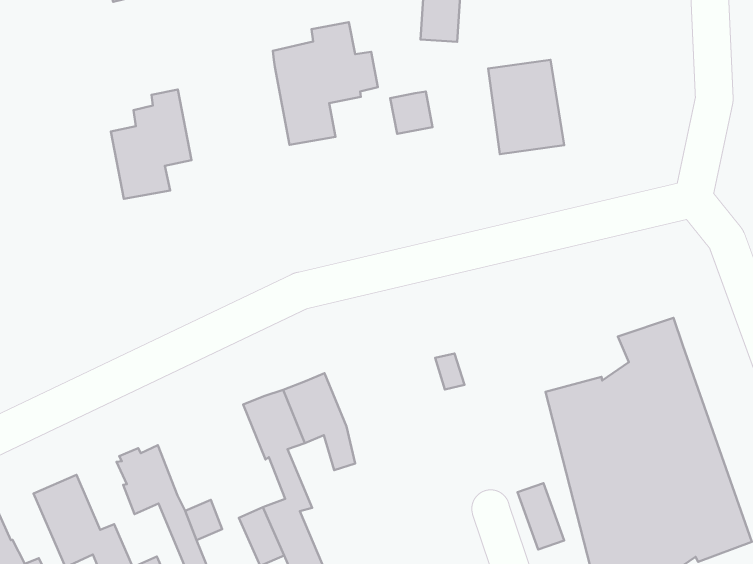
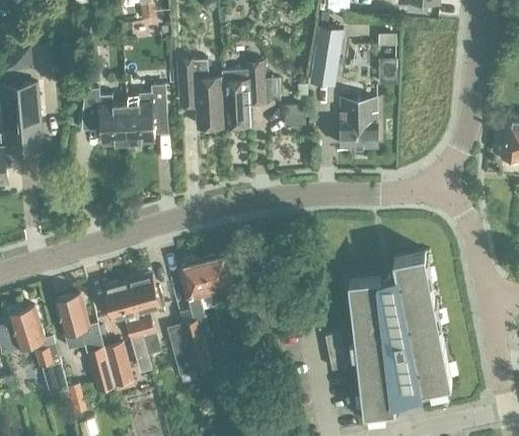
building: none -> [177,59,223,128]
building: none -> [82,90,127,145]
building: none -> [127,274,162,312]

